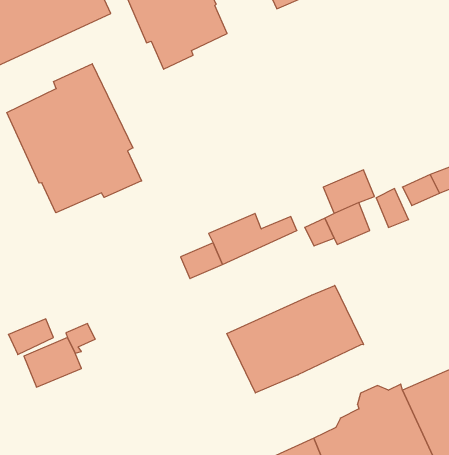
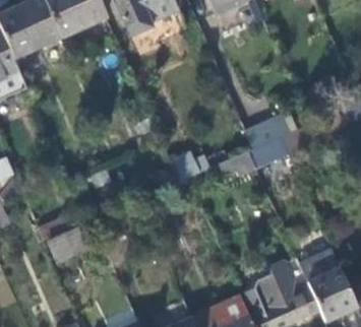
building: [7,64,142,213] -> none
building: [227,285,363,393] -> none

